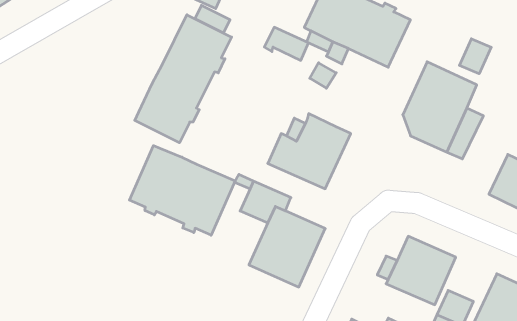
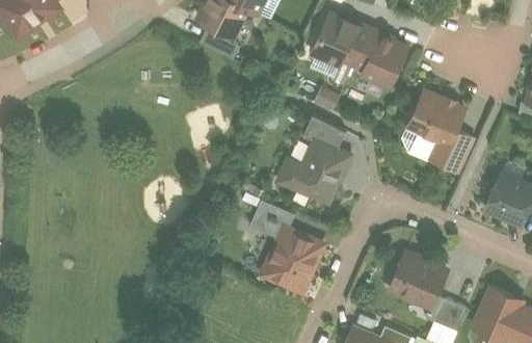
building: [135,15,232,143] -> none
building: [264,27,308,60] -> [304,115,346,147]
building: [459,39,491,74] -> none
building: [129,146,235,235] -> none

